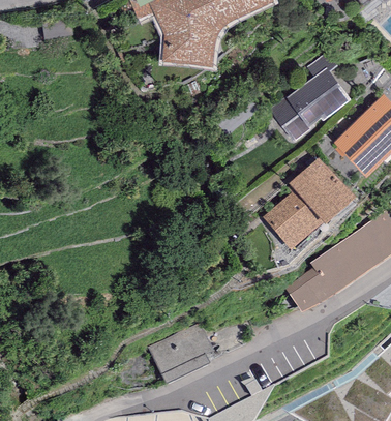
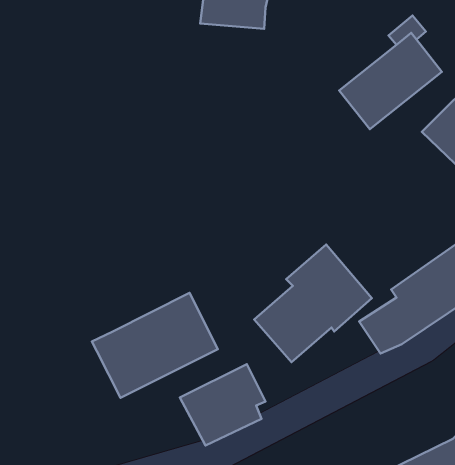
building: [263,158,354,249] -> [254,245,372,362]
building: none -> [92,293,218,398]

